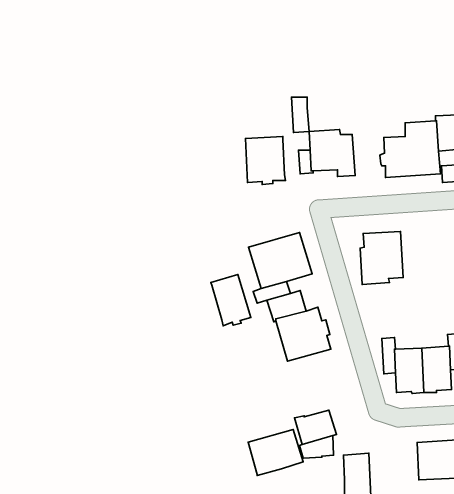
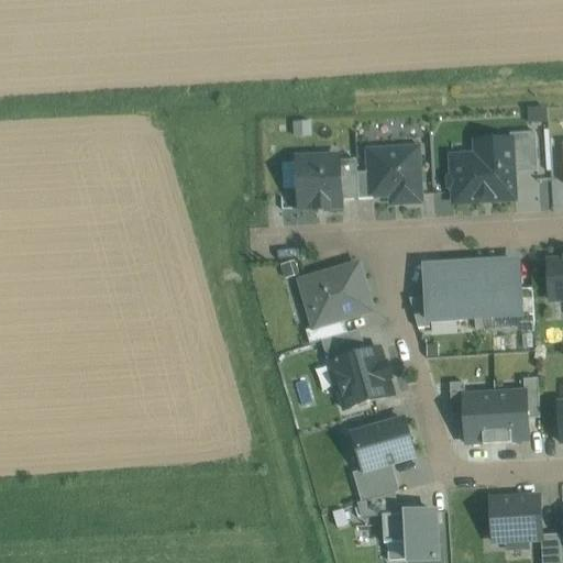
building: [291,97,309,133] -> [338,157,357,197]
building: none -> [470,257,519,316]
building: [211,274,251,326] -> none
building: [248,430,303,476] -> [352,417,413,468]
building: none -> [382,511,407,540]

